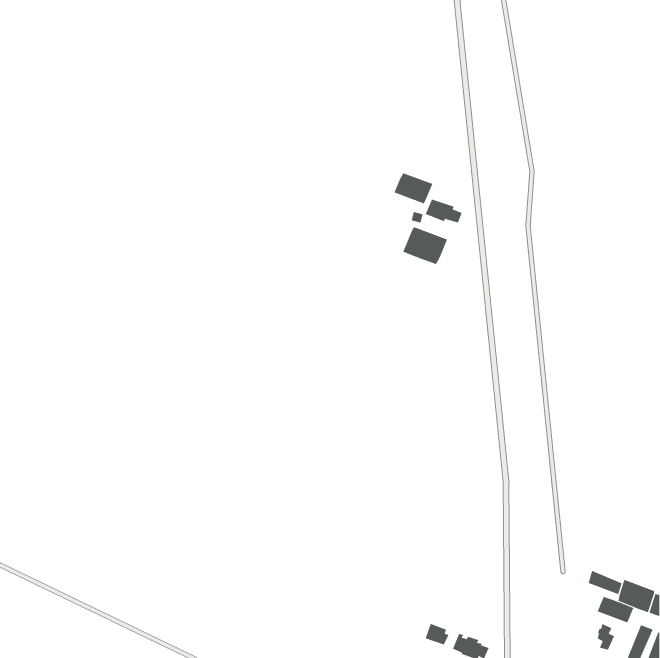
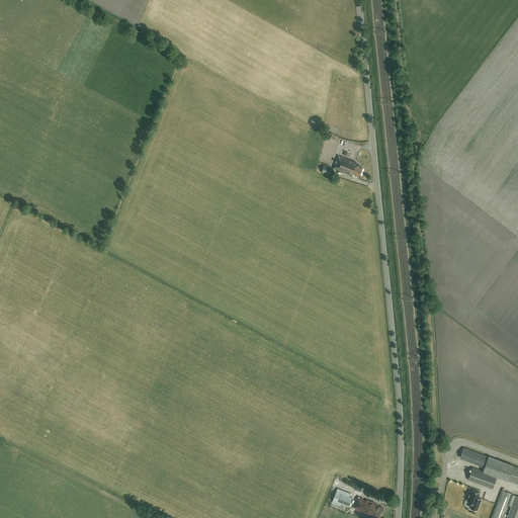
building: [394,172,433,204] -> none
building: [403,227,448,265] -> none

